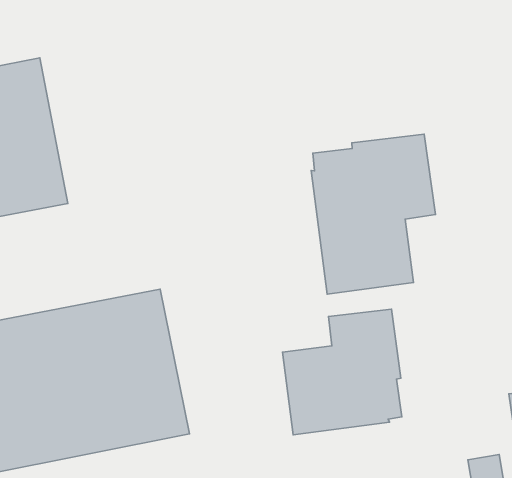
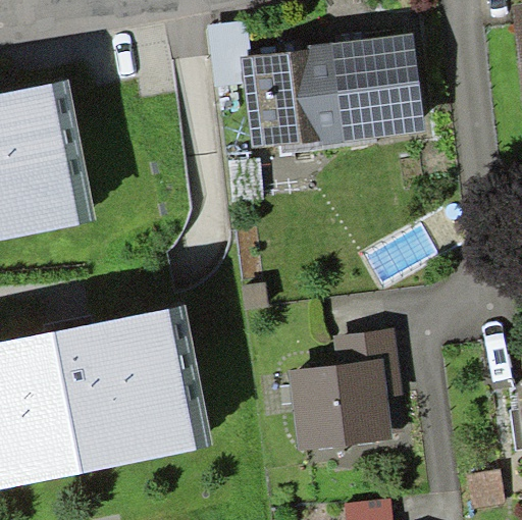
building: none -> [242,34,425,151]
building: [311,134,435,294] -> none

